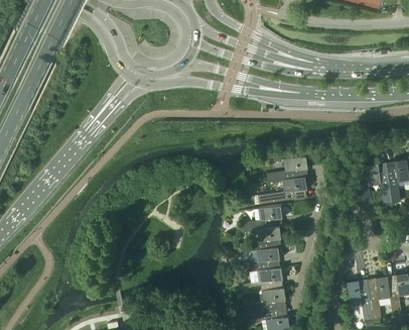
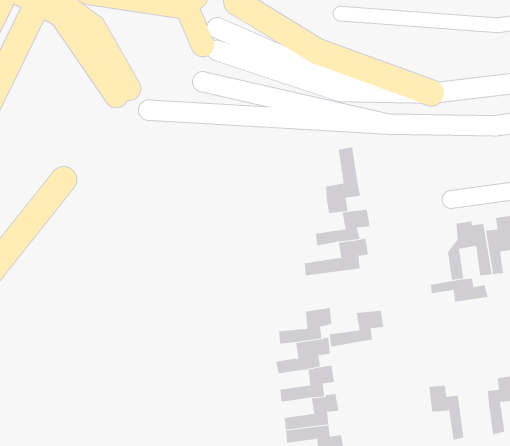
building: none -> [326,147,360,214]
building: none -> [430,278,488,302]
building: [242,205,281,231] -> [329,310,384,347]
building: [369,277,391,318] -> none

